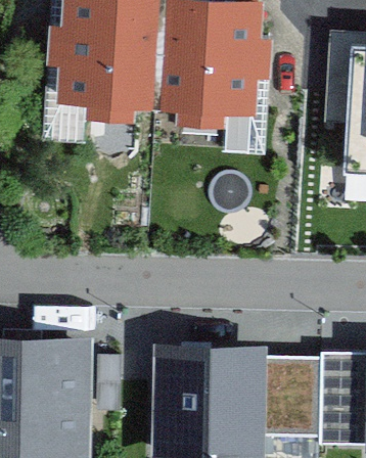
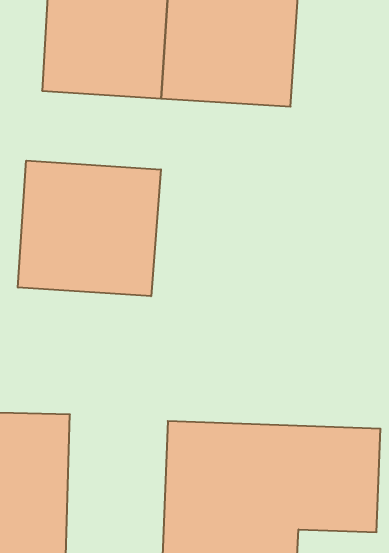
building: none -> [18,161,161,296]

